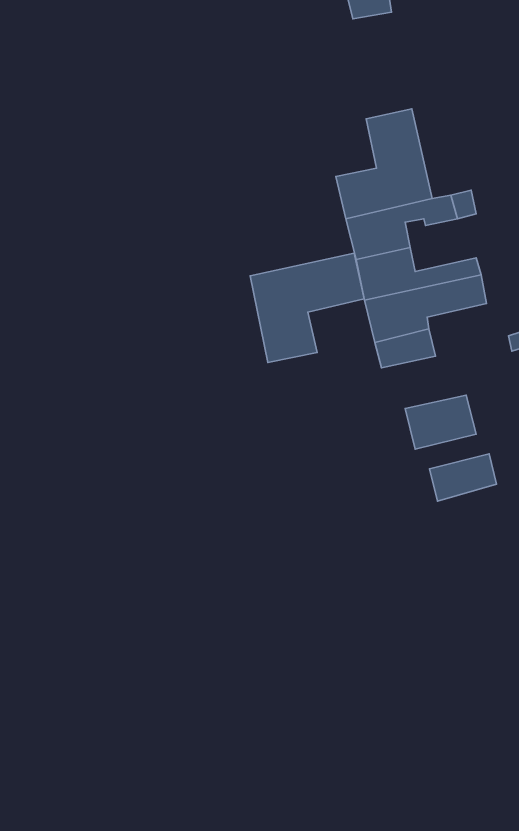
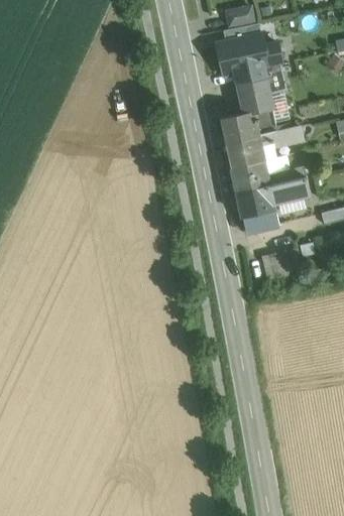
building: none -> [216,35,281,79]
building: [250,253,364,363] -> none
building: [430,454,496,501] -> none

